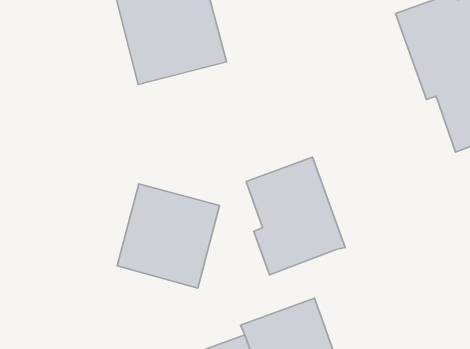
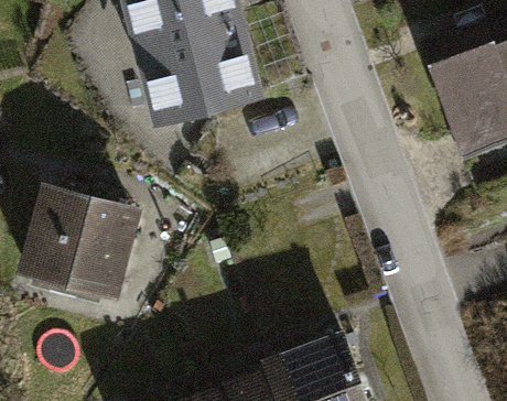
building: [246,157,345,275] -> none
building: [117,184,219,288] -> [24,189,129,296]

